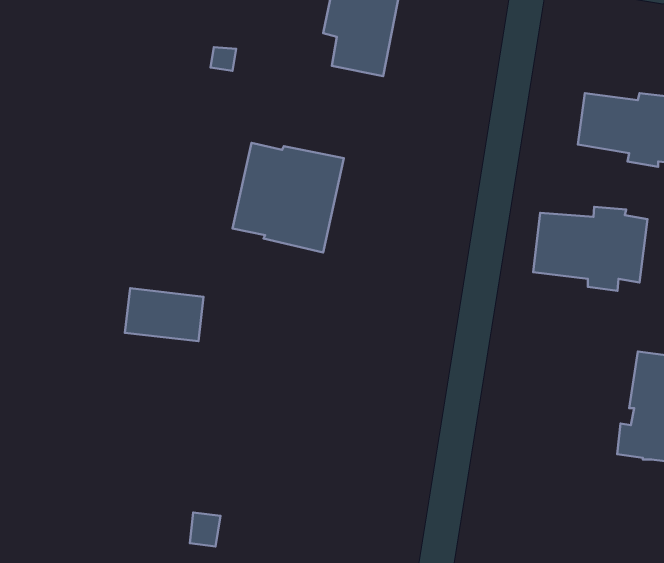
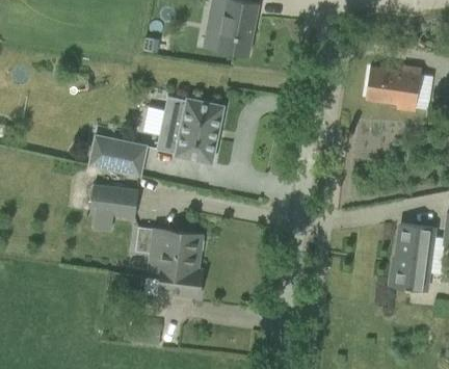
building: none -> [89,135,147,176]
building: [533,207,647,291] -> none
building: none -> [135,227,204,297]

